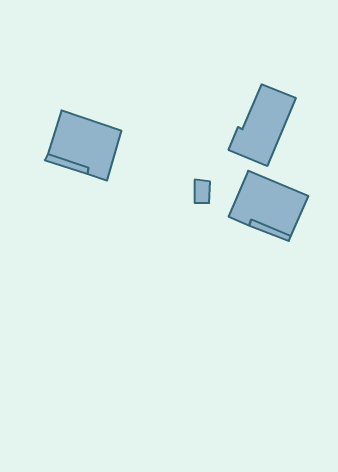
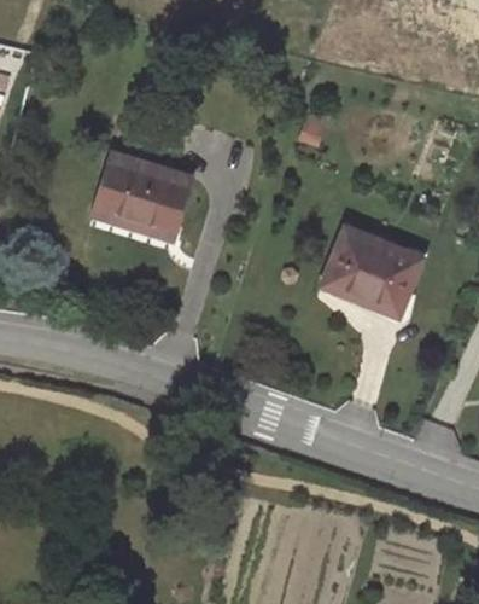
building: [229,84,296,166] -> none

